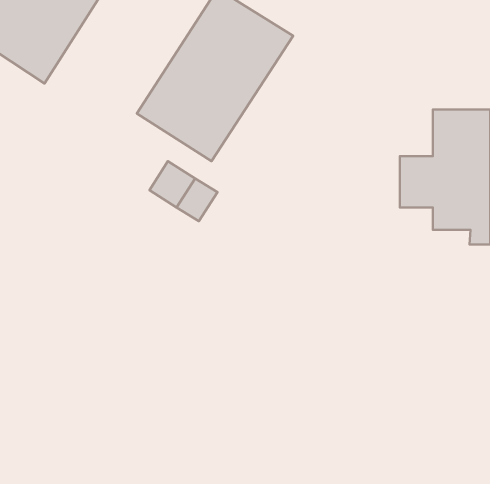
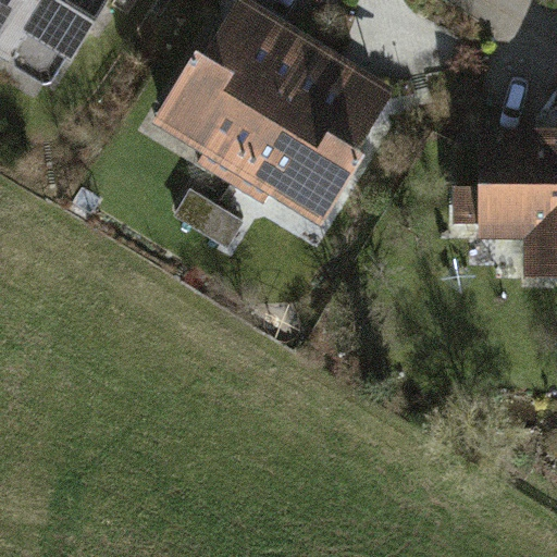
building: none -> [237,40,408,232]

